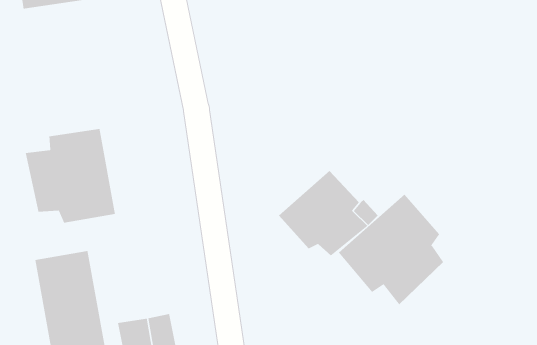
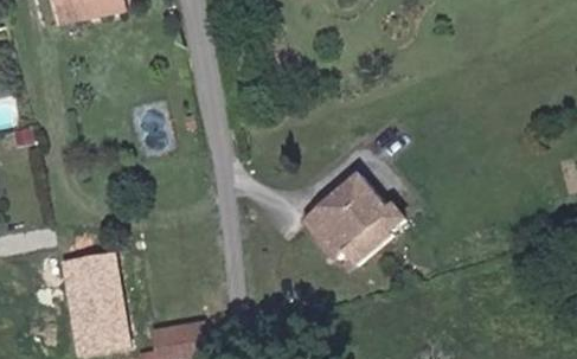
building: [25,128,115,223] -> none
building: [338,194,444,305] -> none

